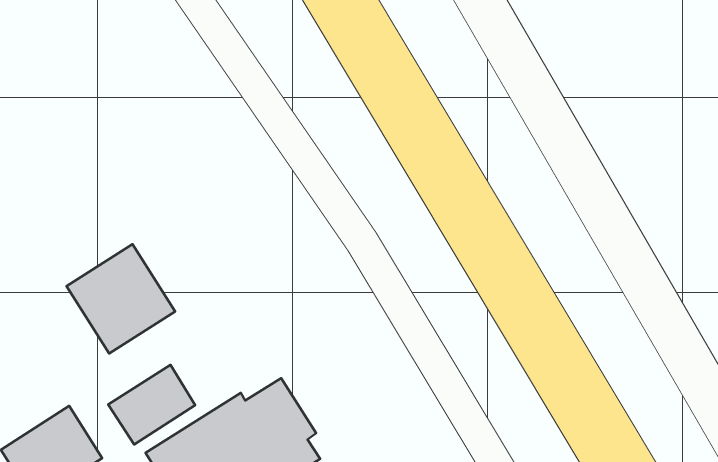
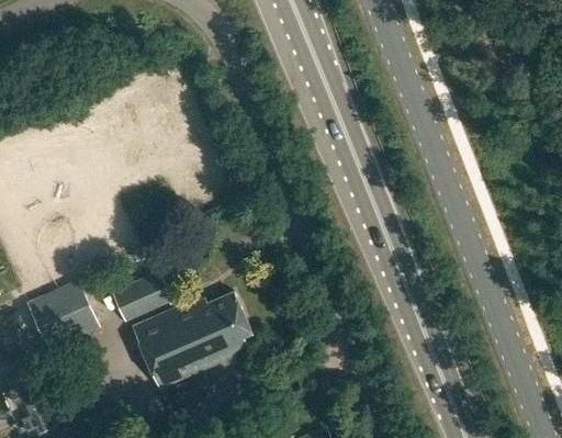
building: [66,244,175,354] -> none

